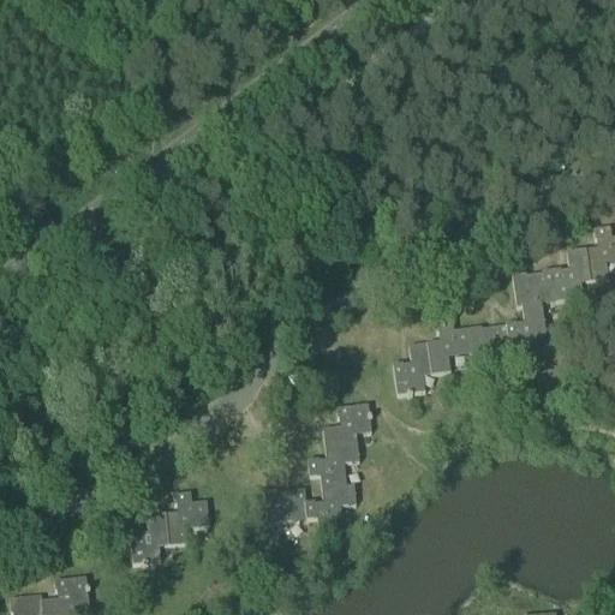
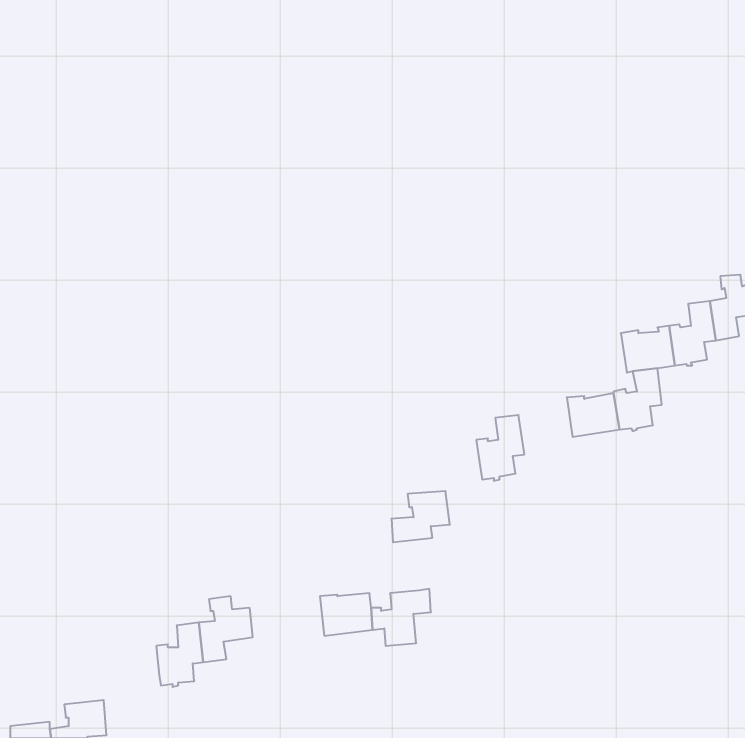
building: [428,318,471,374] -> none
building: [308,442,359,488] -> none

